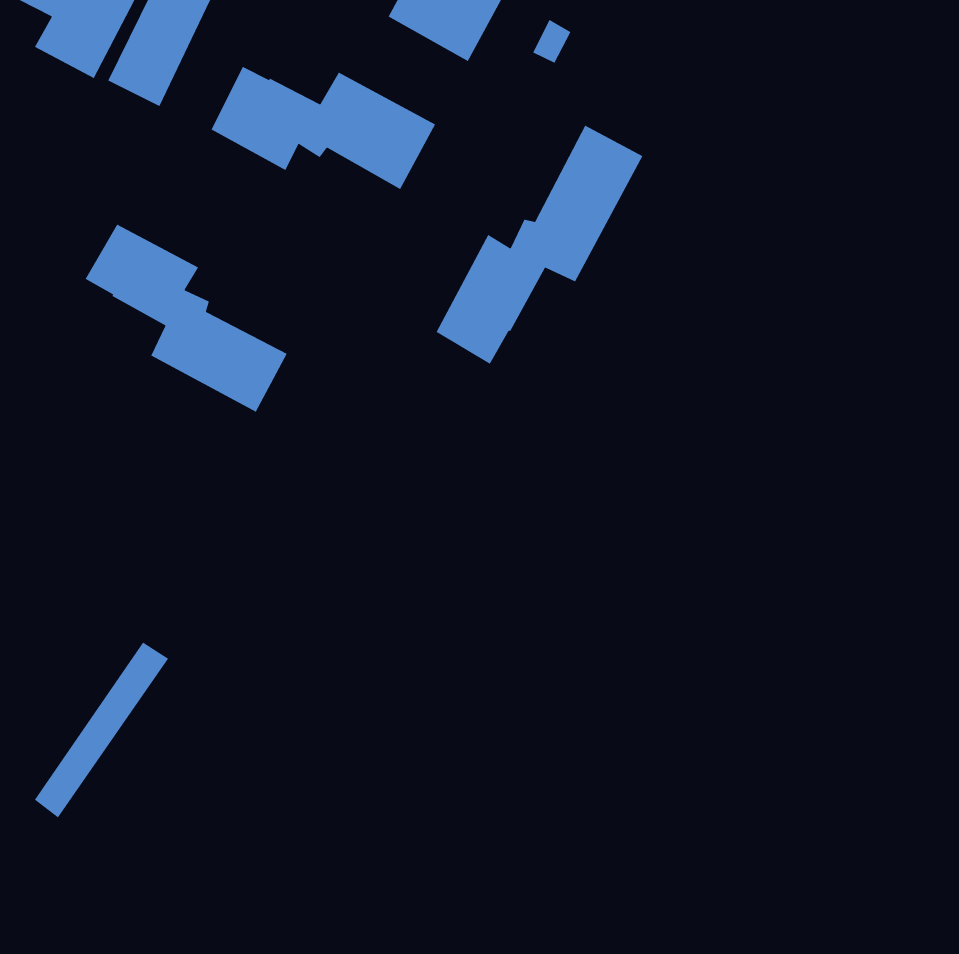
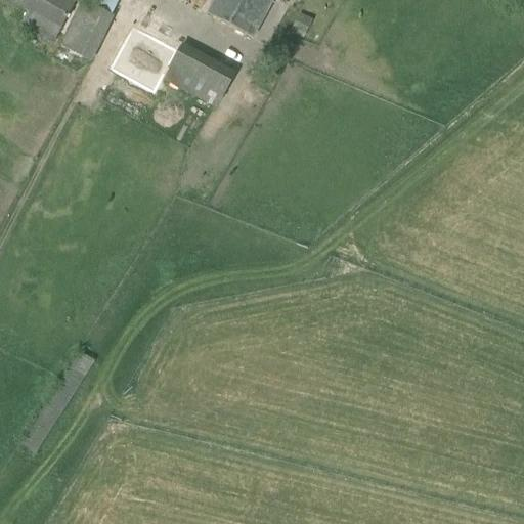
building: [436,125,644,365] -> none
building: [84,224,288,413] -> none

